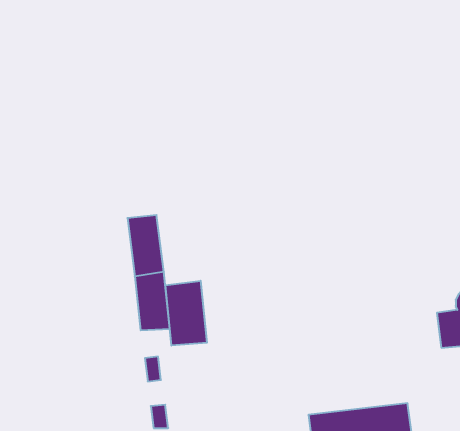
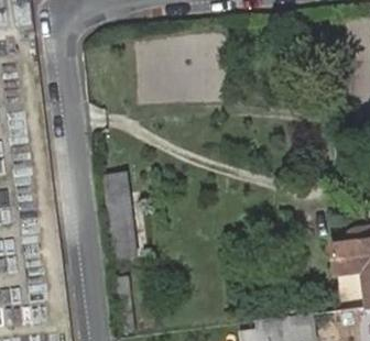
building: [165,281,207,346] -> none

